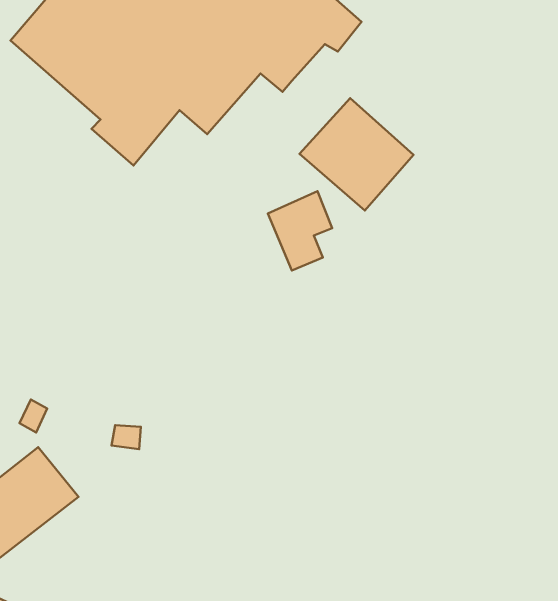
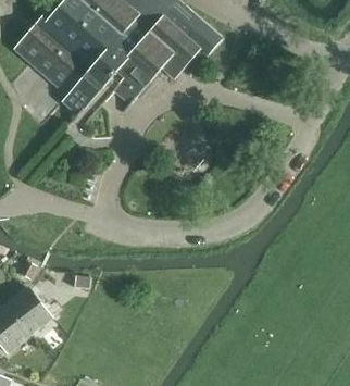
building: [299,98,414,210] -> none

